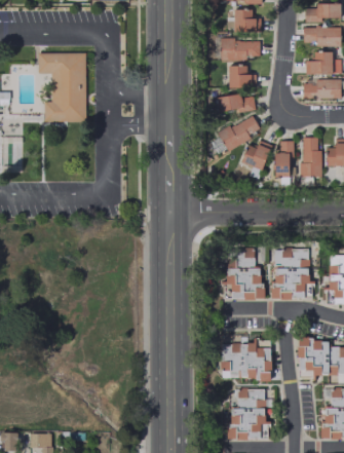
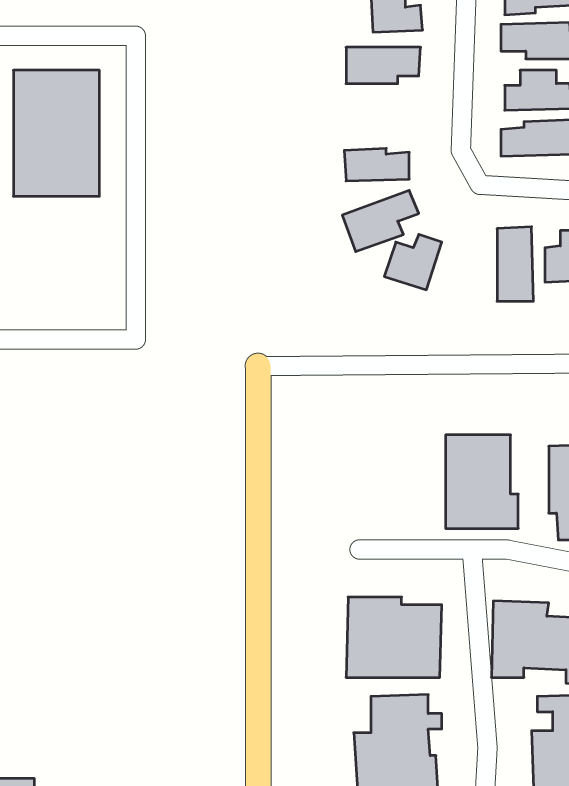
building: [228,66,256,87] -> none
building: [275,141,292,177] -> none
building: [226,248,262,300] -> none

